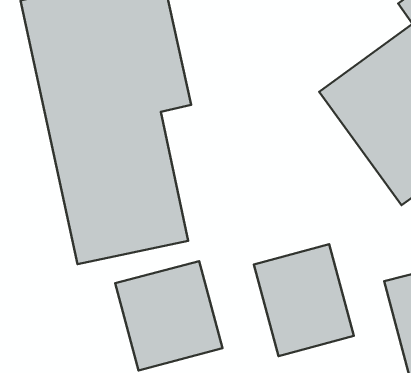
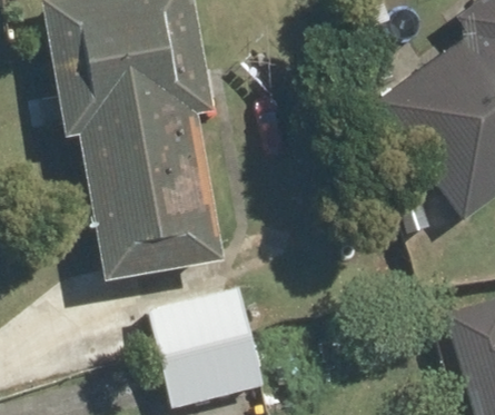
building: [254,244,354,356] -> none

